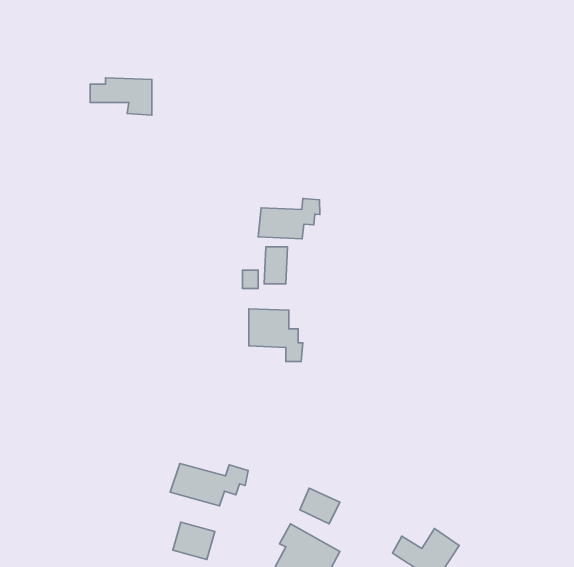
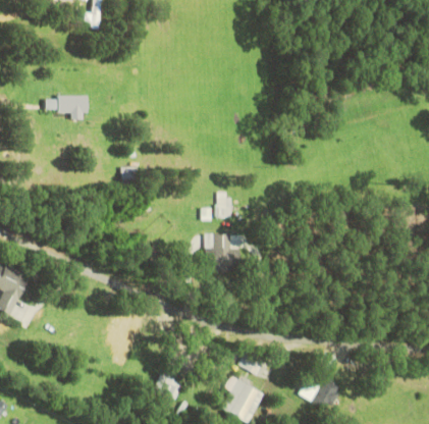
building: [90,78,152,115] -> [45,95,86,119]
building: [258,199,320,239] -> none
building: [170,463,248,506] -> none

